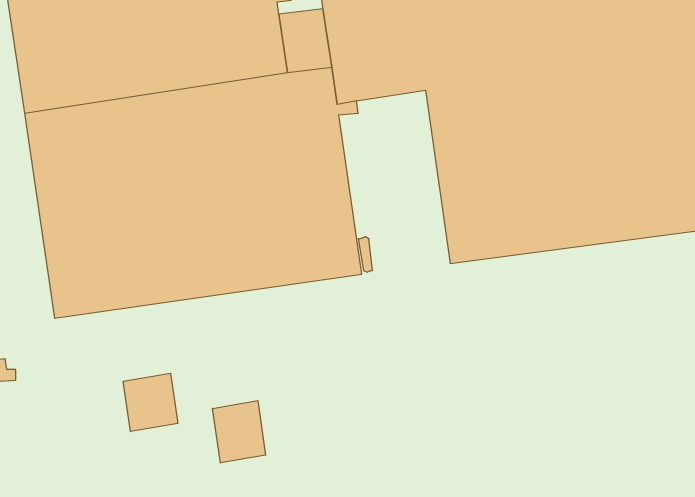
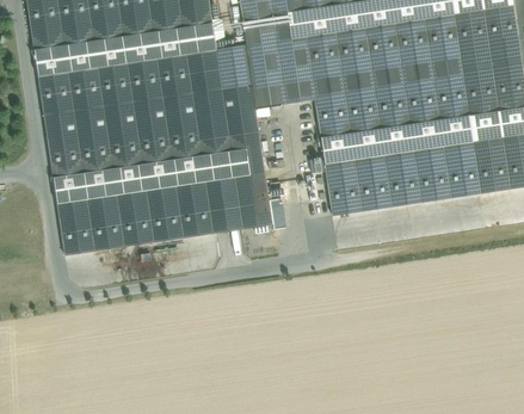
building: [123,373,178,432] -> none
building: [213,401,266,463] -> none

